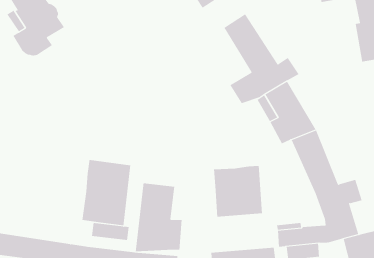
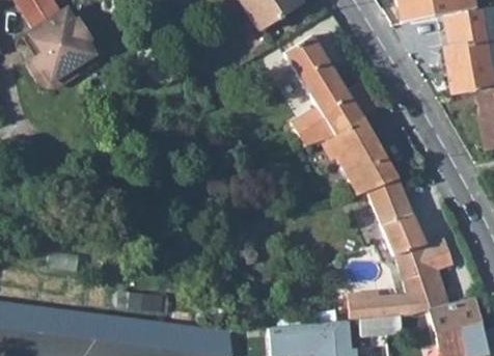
building: [82,159,131,226] -> none
building: [214,165,262,217] -> none
building: [135,183,182,252] -> none

